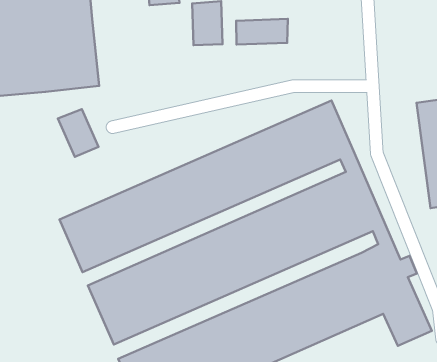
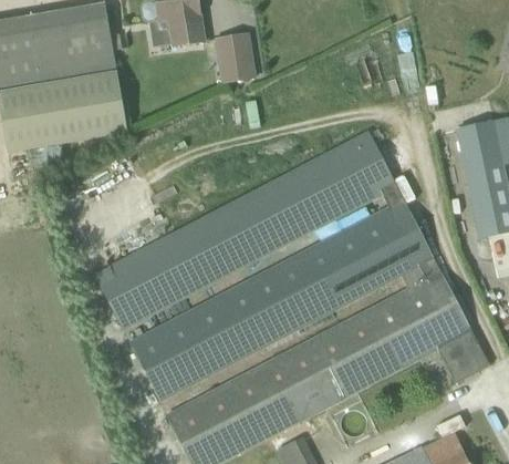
building: [236,19,288,45] -> none
building: [58,109,98,157] -> none

